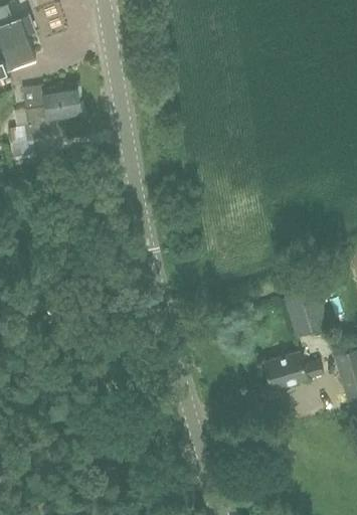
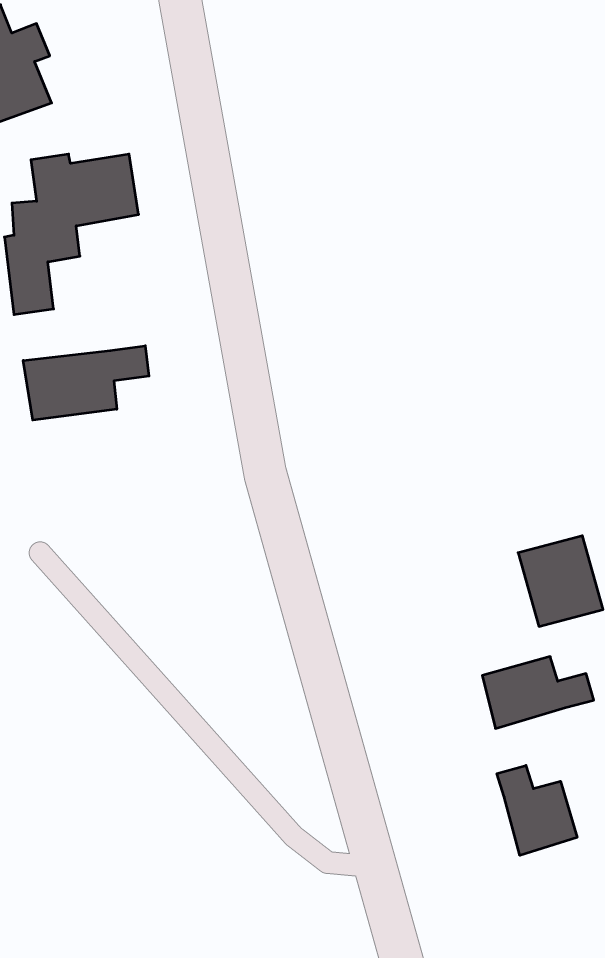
building: none -> [23,346,149,420]
building: none -> [497,765,577,855]

